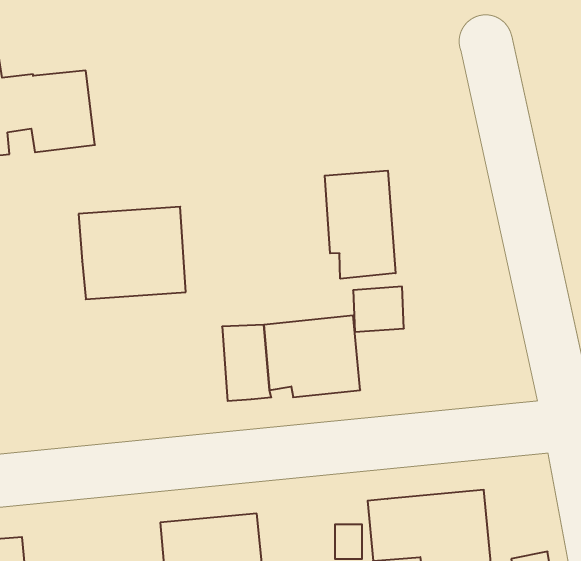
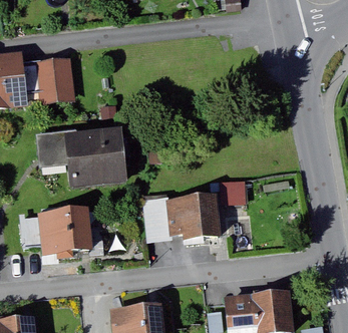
building: [325,171,396,279] -> none
building: none -> [38,131,78,165]
building: none -> [38,207,93,253]

